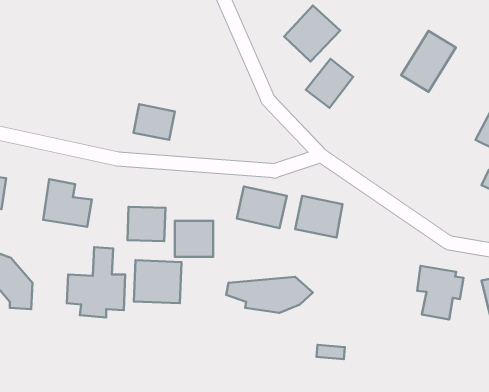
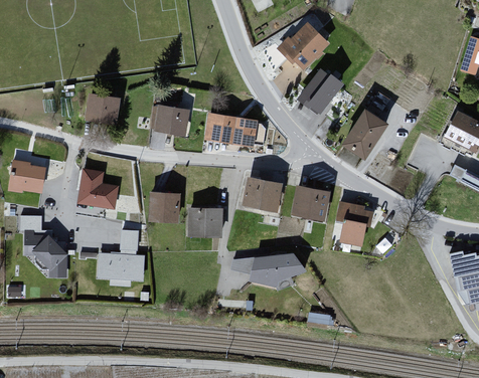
building: [401,31,456,92] -> [342,111,388,162]
building: none -> [84,94,119,126]
building: none -> [203,116,256,150]
building: [134,260,182,303] -> none
building: [417,266,463,319] -> [335,202,374,247]

